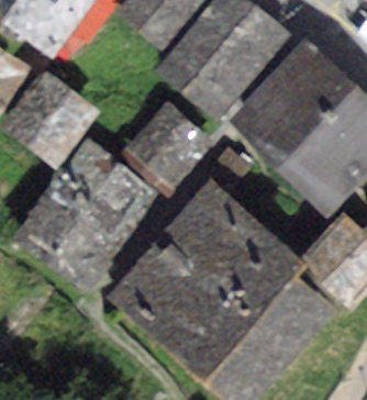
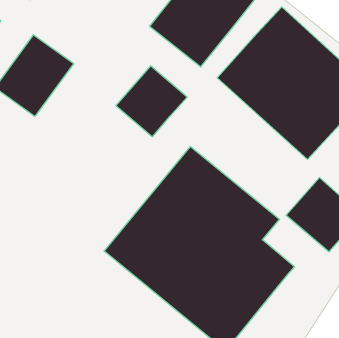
building: [27,148,148,277] -> none

